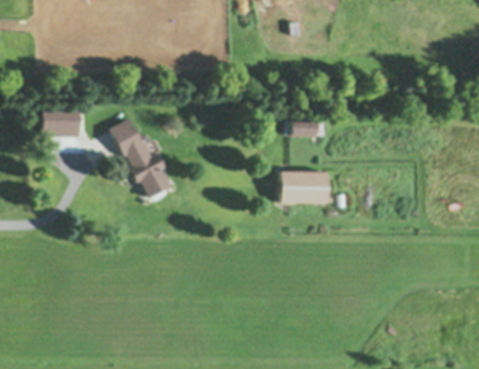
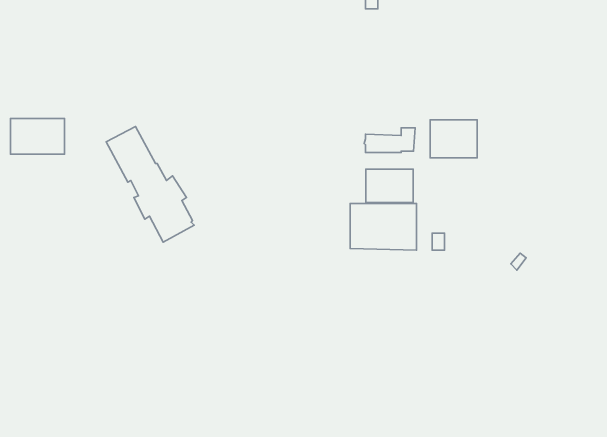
building: none -> [430,120,477,158]
building: none -> [366,169,413,202]

